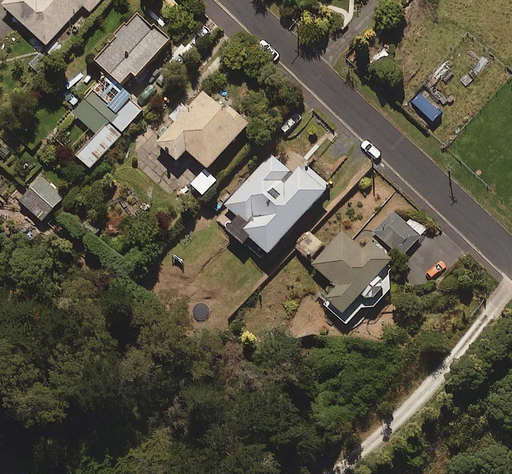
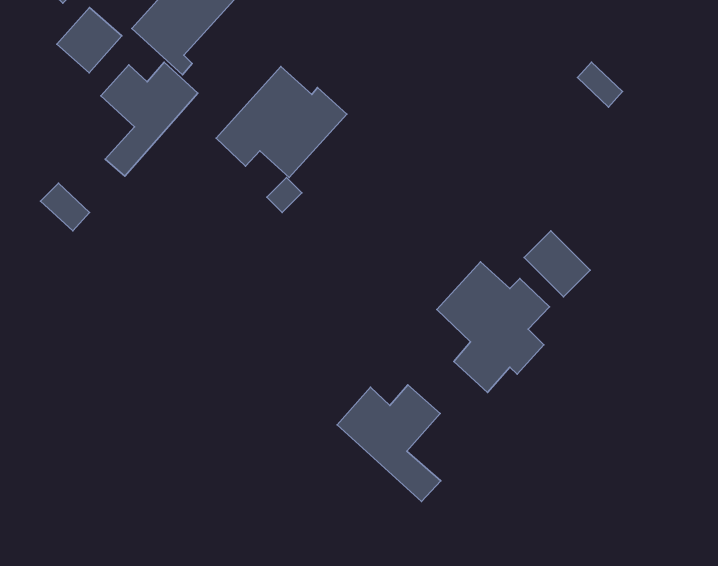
building: none -> [57,7,122,73]
building: [224,152,324,255] -> none
building: none -> [337,385,441,502]

